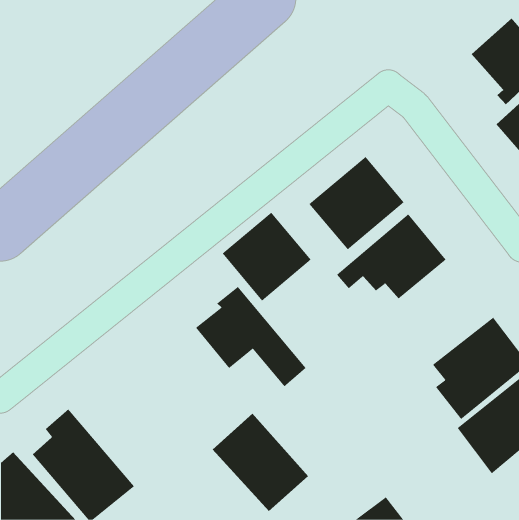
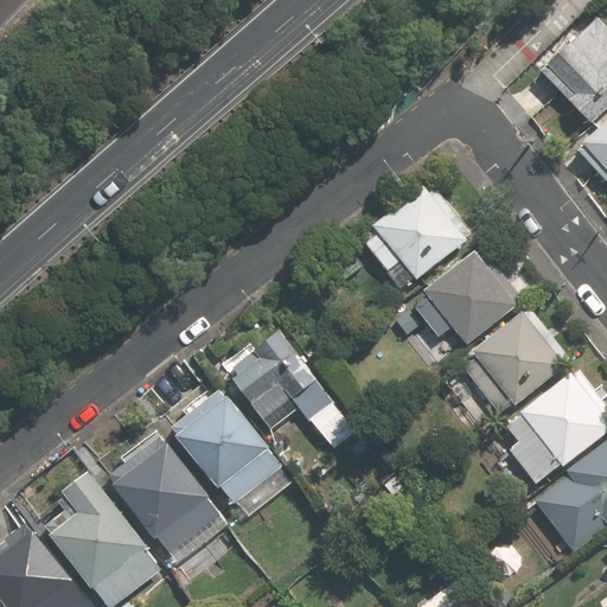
building: [222,212,311,301] -> none
building: none -> [456,311,563,417]
building: none -> [106,435,230,563]
building: [212,413,309,512] -> [165,388,277,503]

